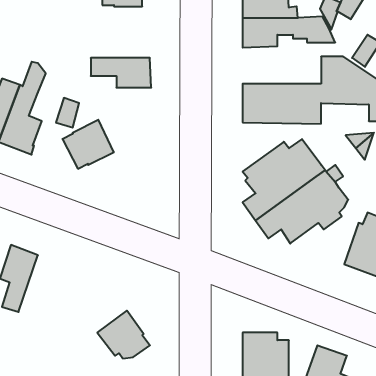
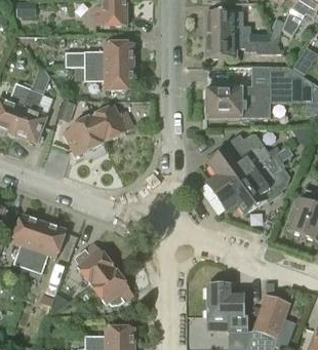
building: none -> [66,42,132,67]
building: none -> [91,106,133,141]
building: none -> [28,223,66,273]
building: none -> [75,242,114,284]

